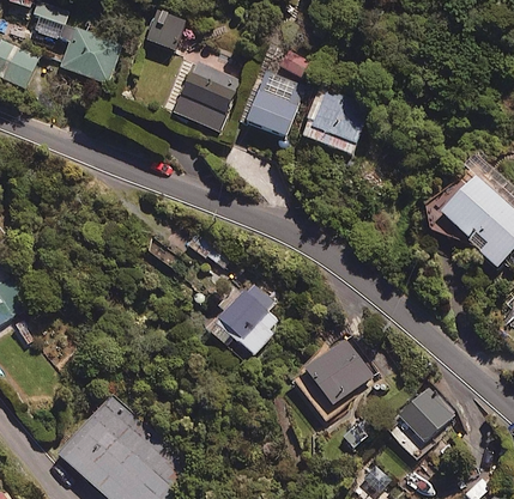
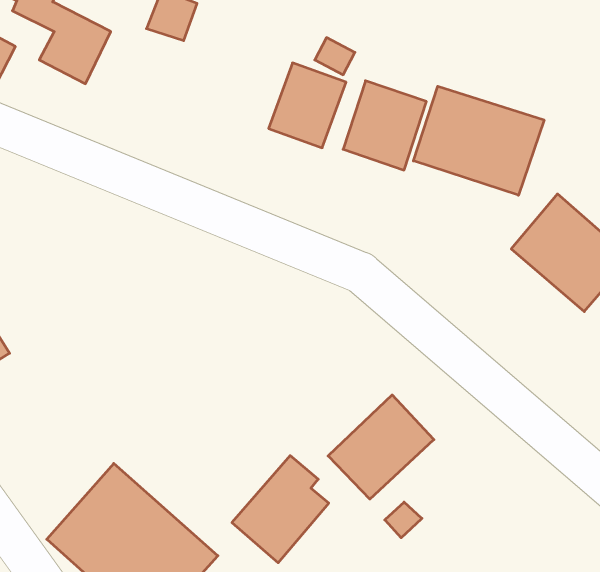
building: [170,60,238,133] -> none
building: none -> [413,86,544,195]
building: [205,280,283,366] -> [232,456,329,563]
building: [386,387,453,462] -> none

